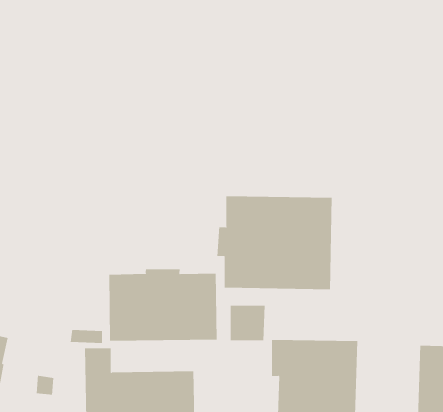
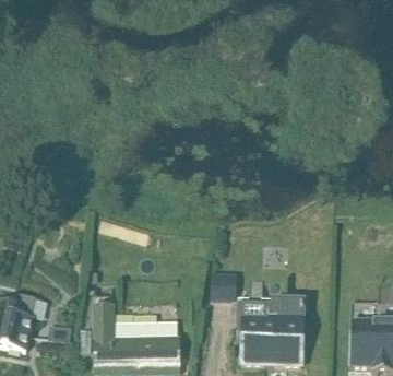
building: [217,195,332,290] -> none
building: [109,269,217,341] -> none

